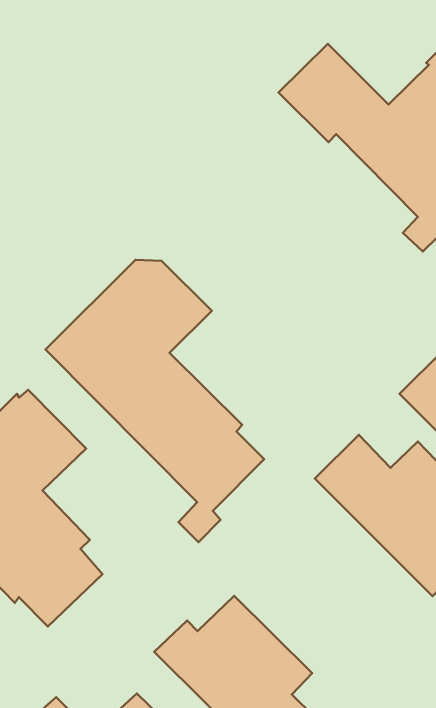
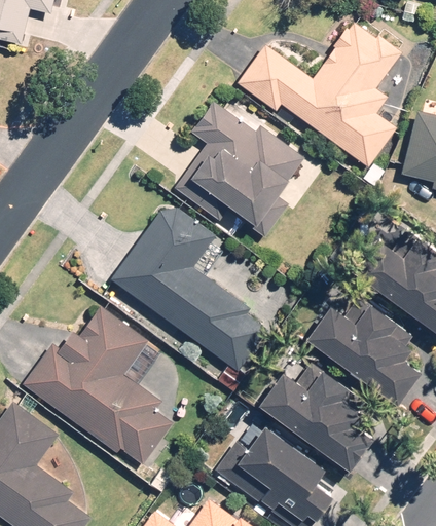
building: none -> [175,103,304,238]
building: none -> [257,369,371,471]

